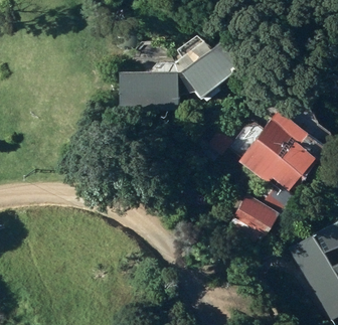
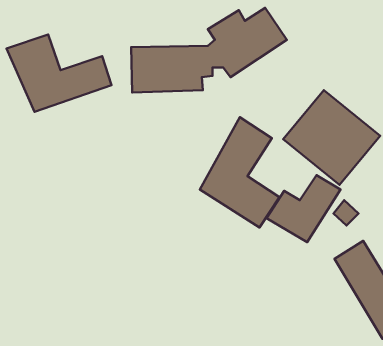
building: none -> [7,35,111,112]
building: none -> [200,117,280,227]

